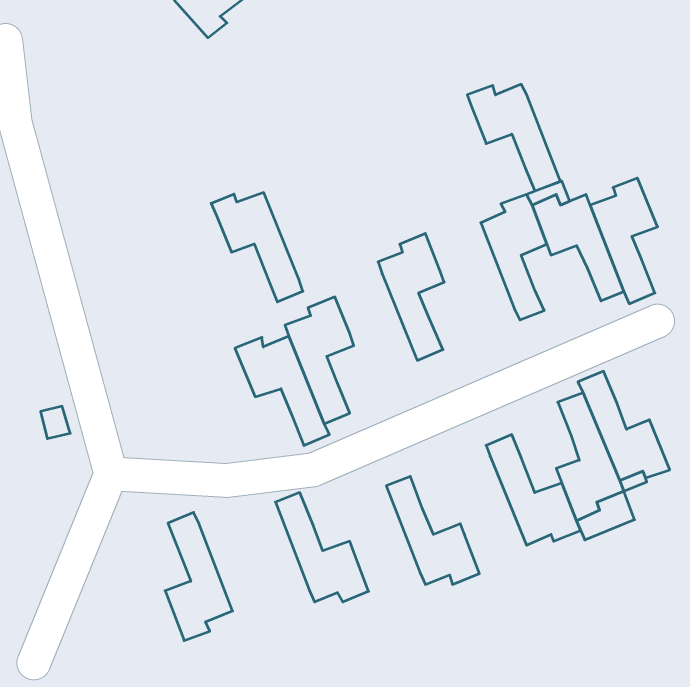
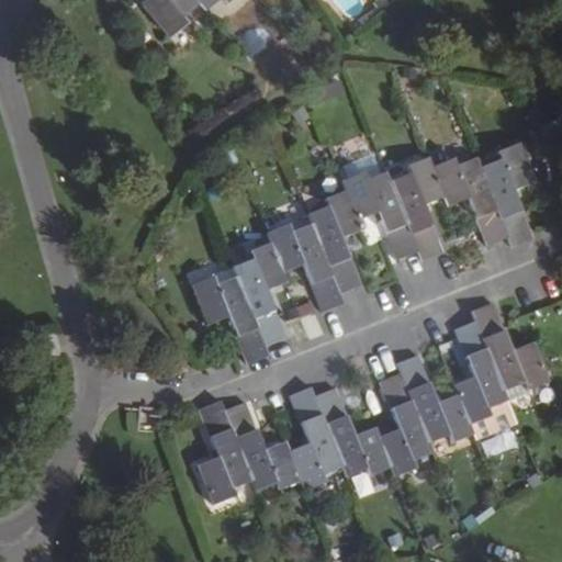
building: [467,84,560,191] -> [342,172,418,259]
building: [211,193,303,302] -> [268,223,342,312]
building: none -> [378,371,431,475]
building: none -> [288,386,341,488]
building: [165,512,233,641] -> [196,400,251,504]

